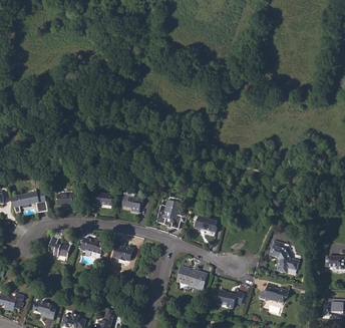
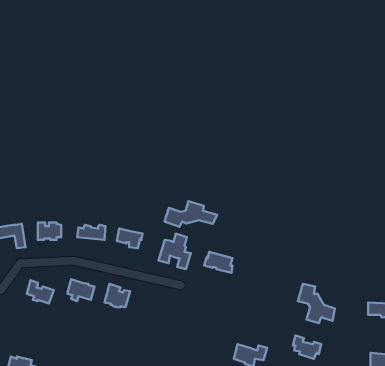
building: none -> [165,201,217,227]
building: [178,266,206,287] -> none

